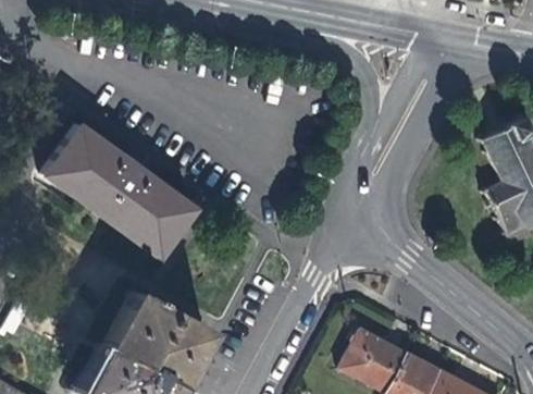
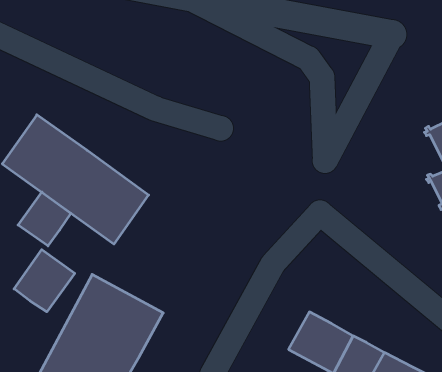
building: none -> [18,192,71,246]
building: none -> [14,250,75,312]

